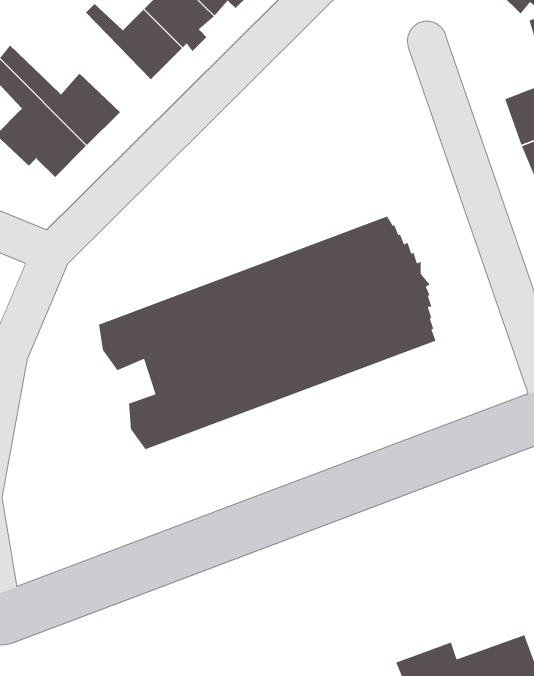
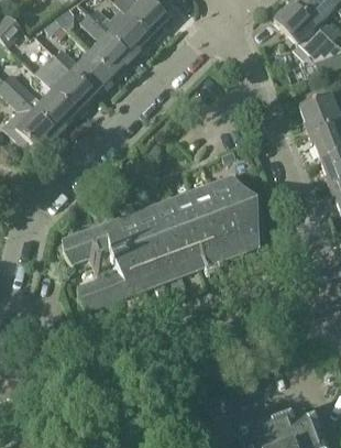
building: none -> [36,54,95,114]

